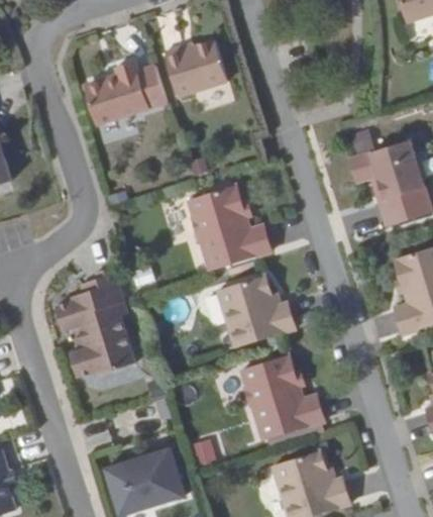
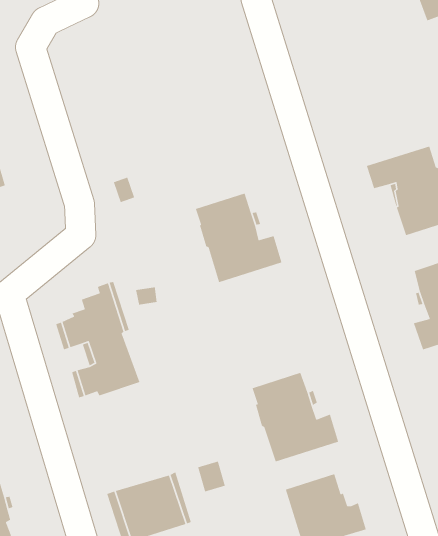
building: [163,39,225,96] -> none
building: [84,60,167,123] -> none
building: [217,275,295,347] -> none

